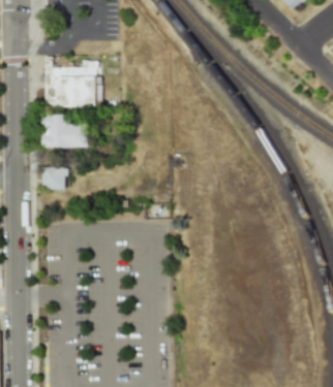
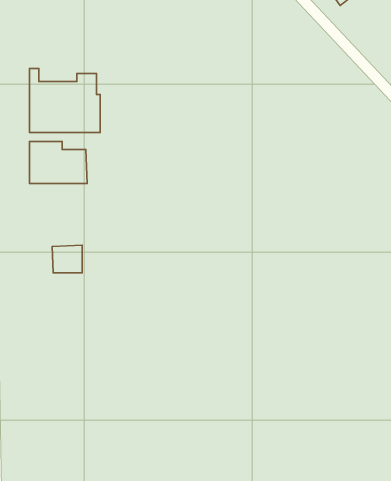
building: [41,167,65,189] -> [52,245,82,273]

